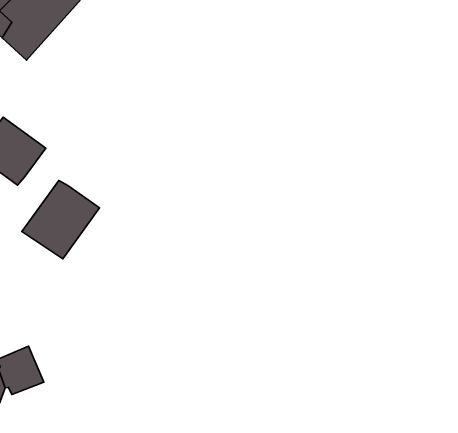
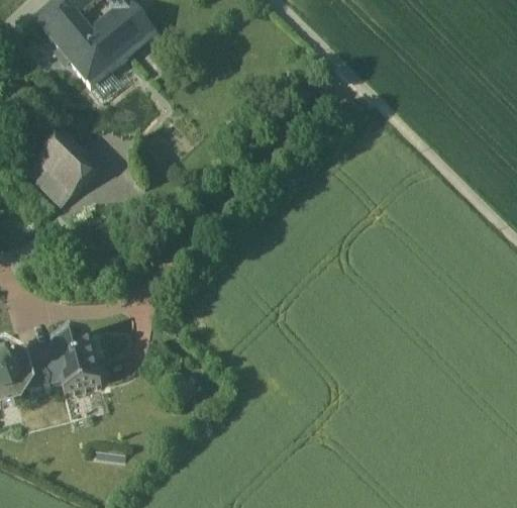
building: [22,180,100,259] -> none
building: none -> [51,330,101,391]

